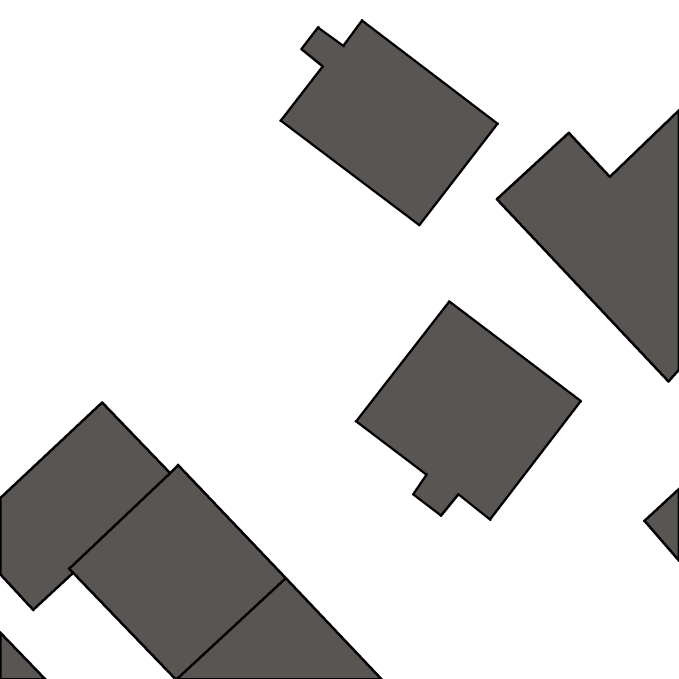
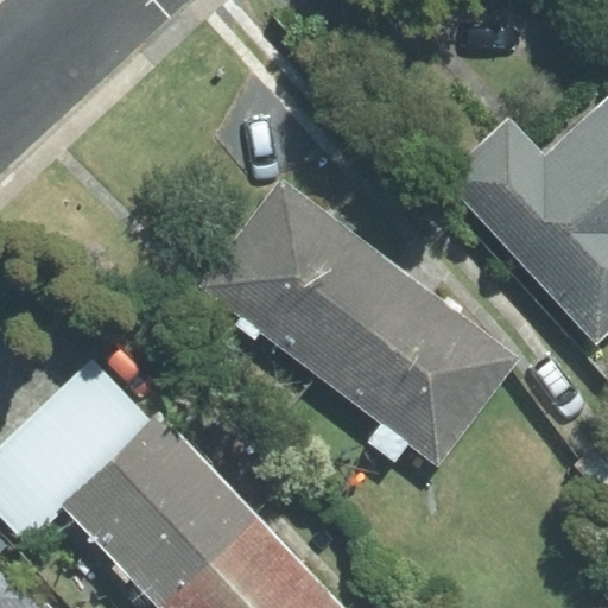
building: [281,20,498,225] -> none
building: none -> [200,178,401,376]

